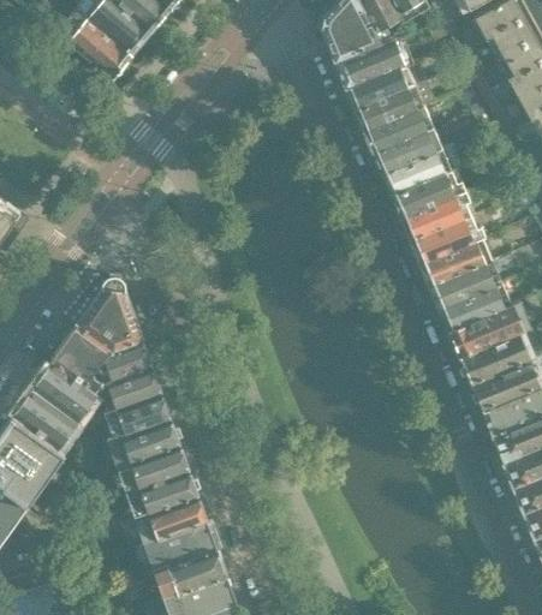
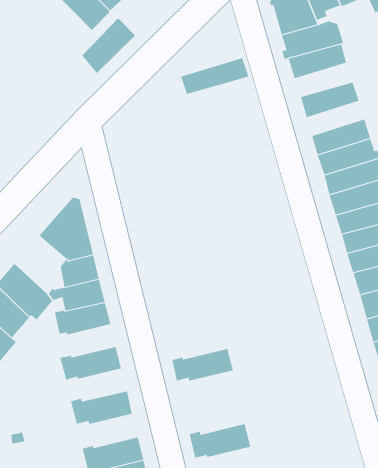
building: none -> [81,18,136,74]
building: [356,79,436,130] -> [180,57,249,95]
building: [375,127,443,174] -> none
building: [50,324,111,392] -> none
building: [107,419,180,465] -> none
building: [125,470,199,514] -> [171,348,234,381]
building: [143,521,218,568] -> [189,424,251,458]

